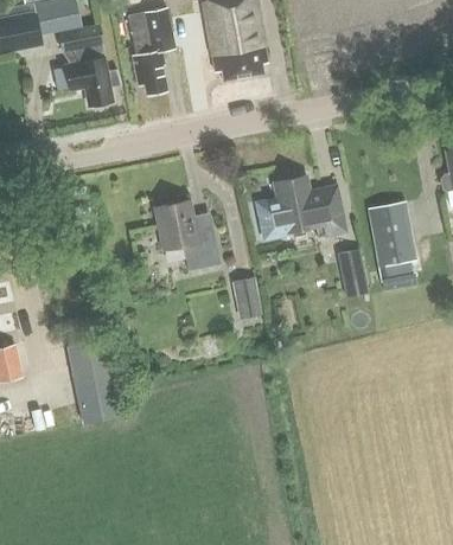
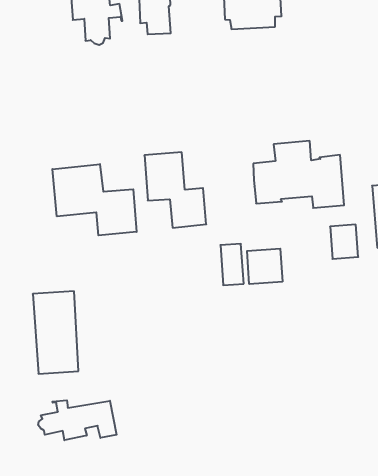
building: none -> [52,164,137,235]
building: none -> [247,249,282,284]
building: none -> [38,400,117,440]

